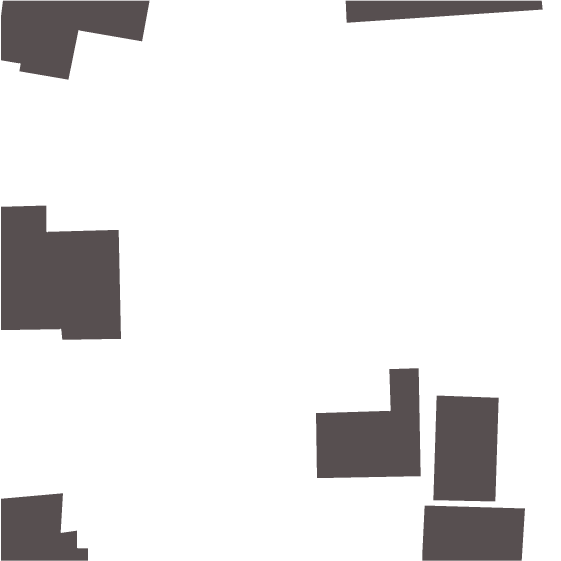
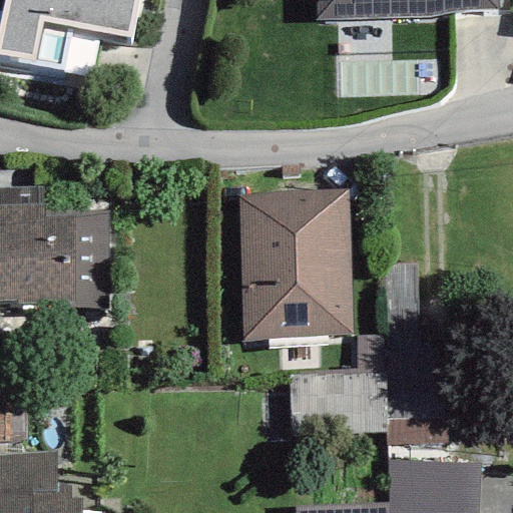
building: none -> [236,191,352,341]

